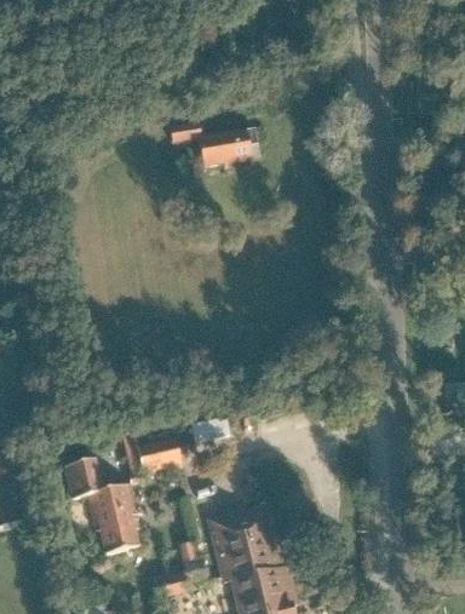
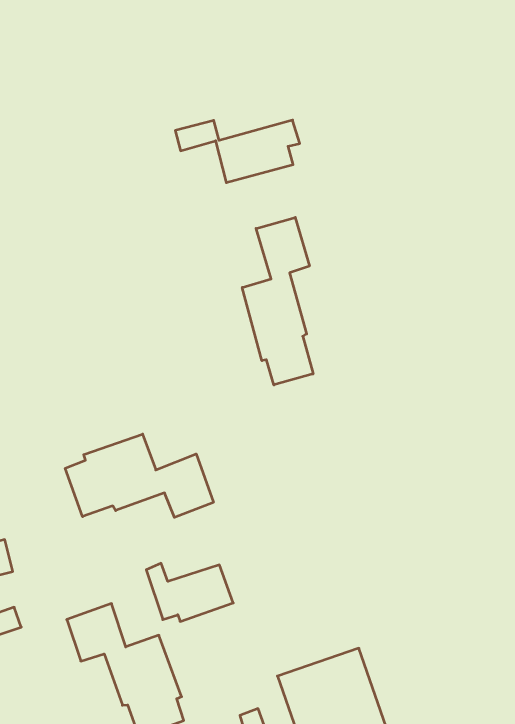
building: none -> [242,217,313,385]
building: none -> [65,434,213,517]

